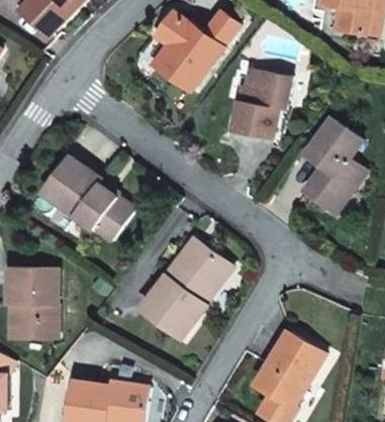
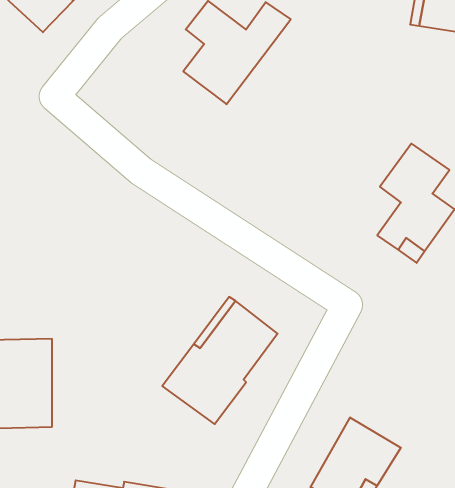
building: [234,69,292,138] -> none
building: [41,155,131,240] -> none

